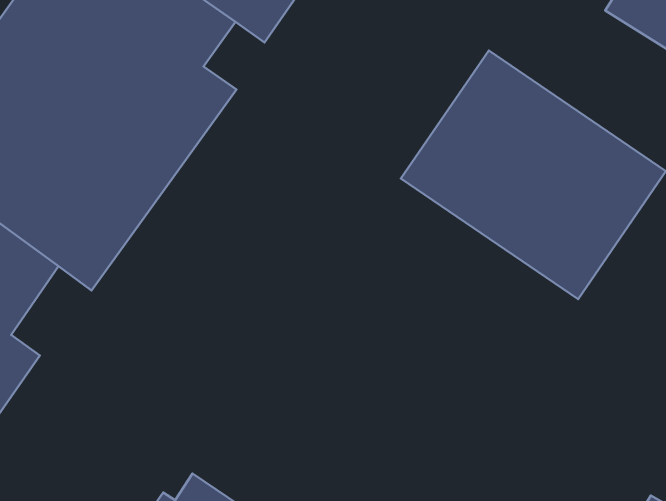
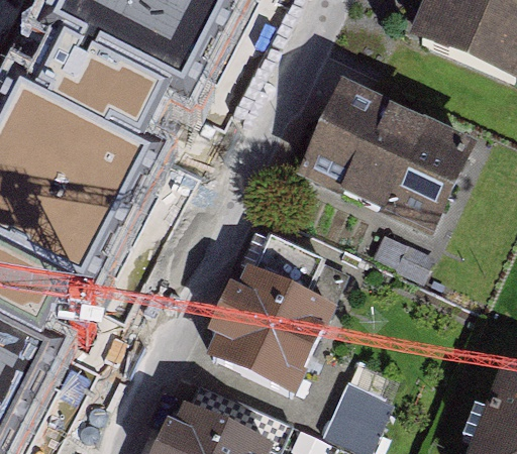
building: none -> [205,263,335,394]

